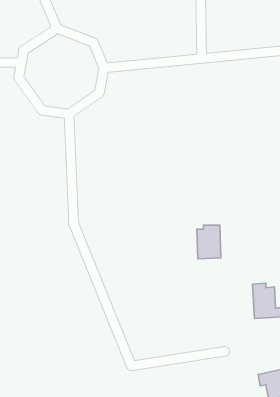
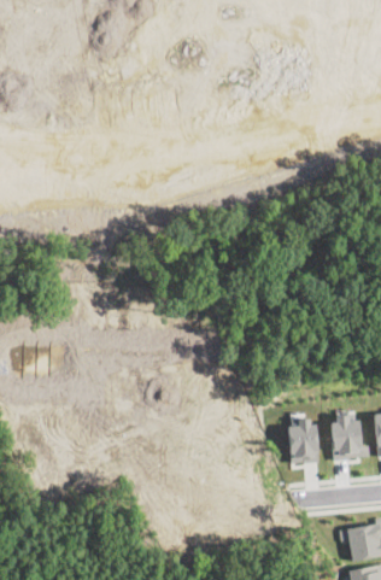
building: [197,225,221,259] -> [289,421,320,463]

